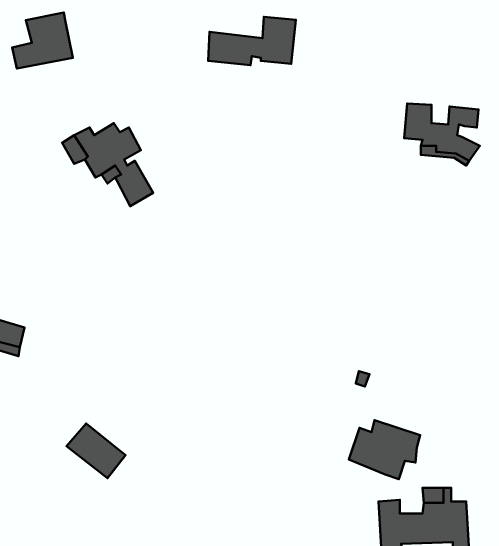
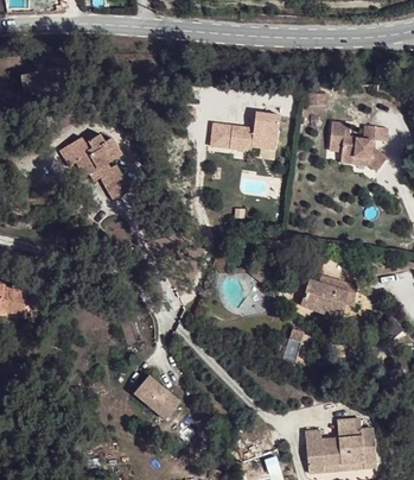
building: [208,17,296,65] -> [208,110,276,149]
building: [349,420,420,479] -> [301,273,357,320]
building: [66,424,125,478] -> [132,378,178,421]

